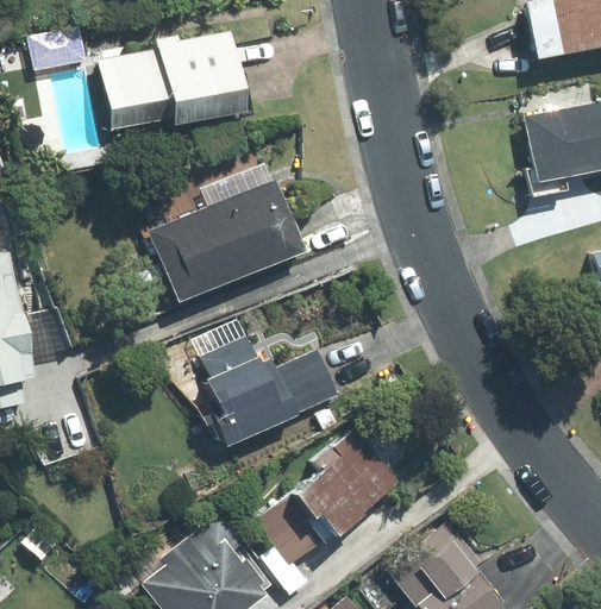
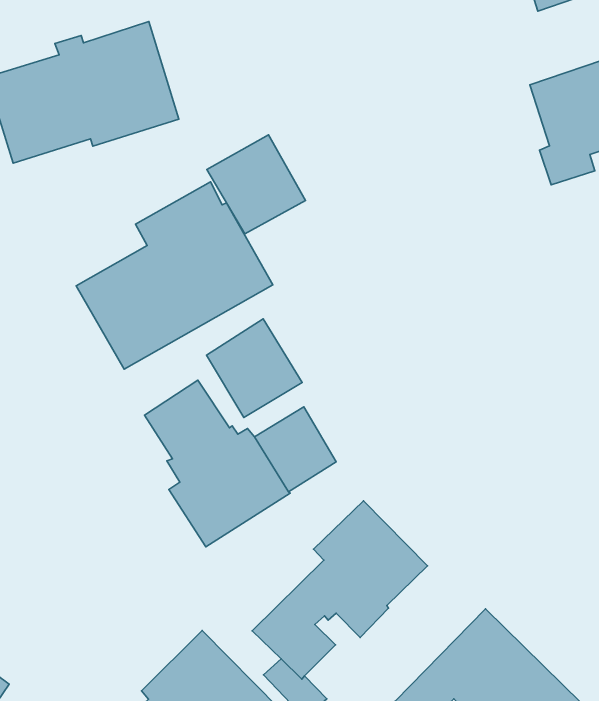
building: none -> [207,135,305,234]
building: none -> [206,319,302,418]

